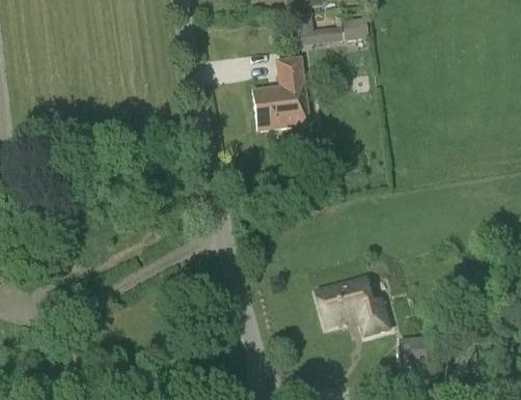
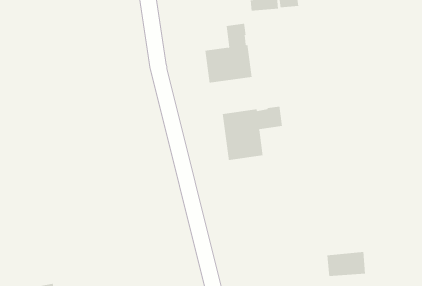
building: none -> [222,106,282,161]
building: [317,277,391,334] -> none

